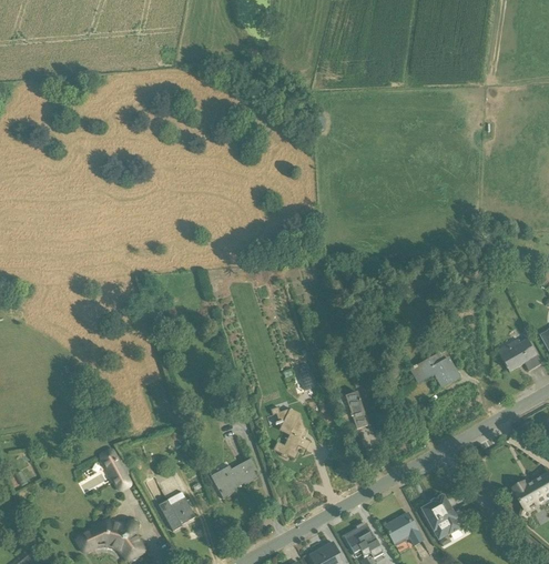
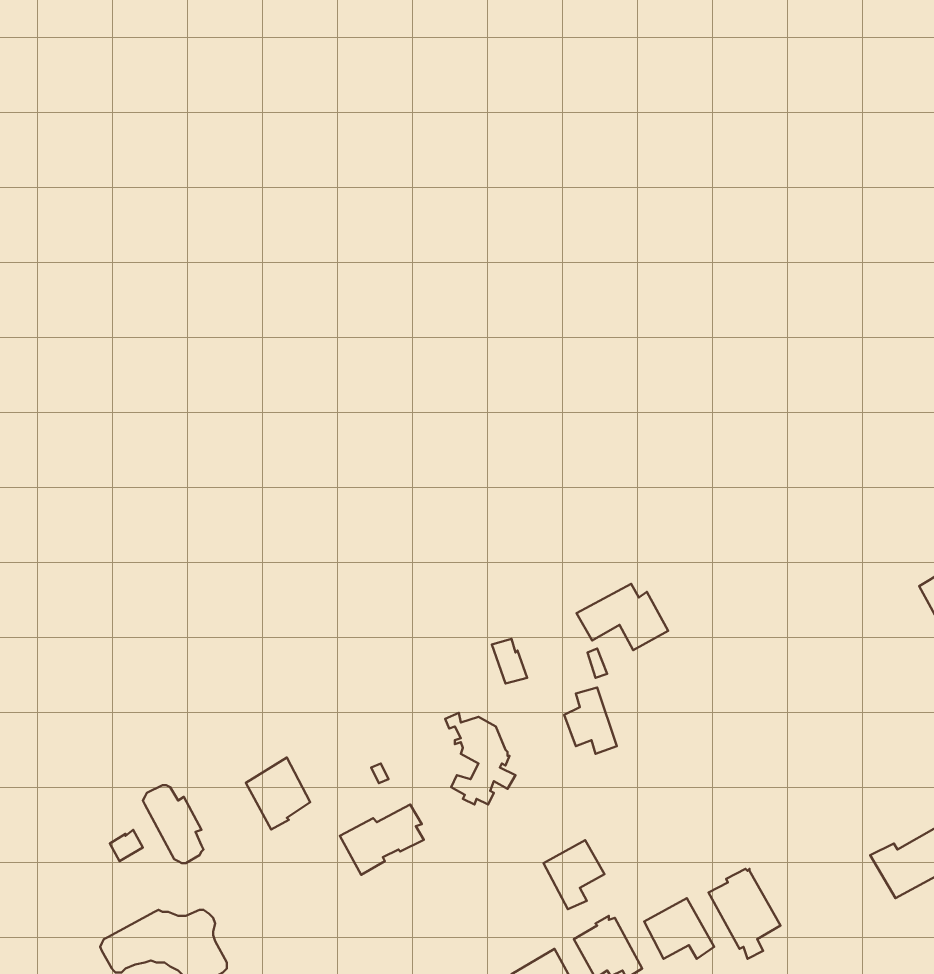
building: [497,338,541,372] -> none
building: [408,352,460,390] -> [577,584,668,650]
building: none -> [543,840,604,909]
building: [157,491,194,532] -> [246,757,310,830]

